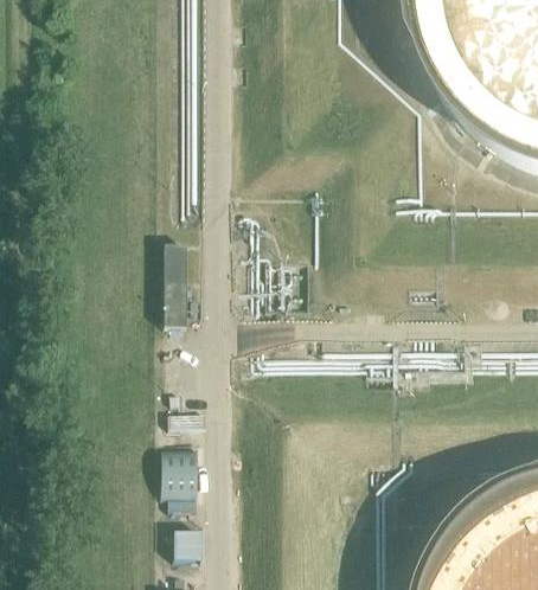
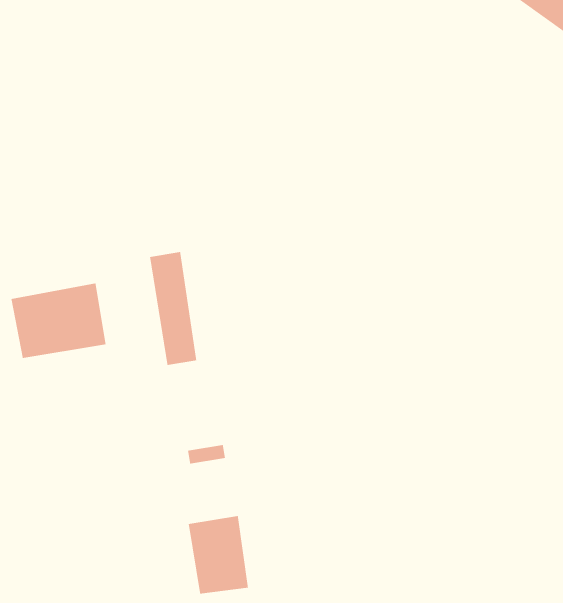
building: none -> [11,283,106,359]

